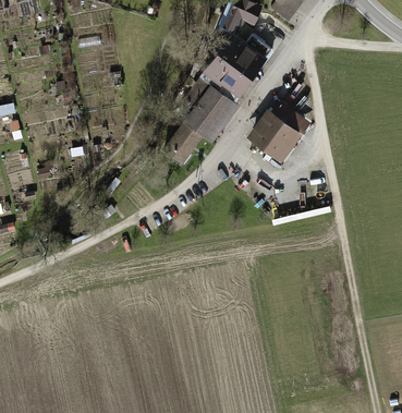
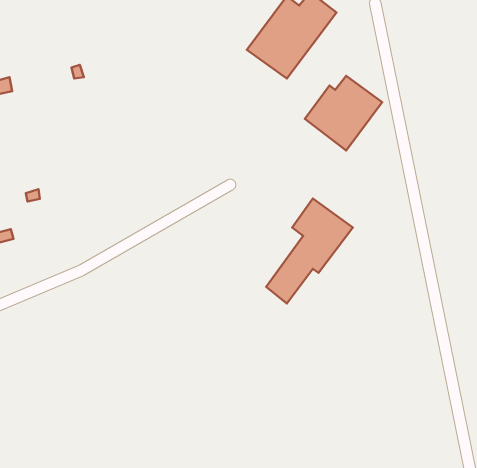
building: [163,80,232,162] -> [266,198,353,303]

